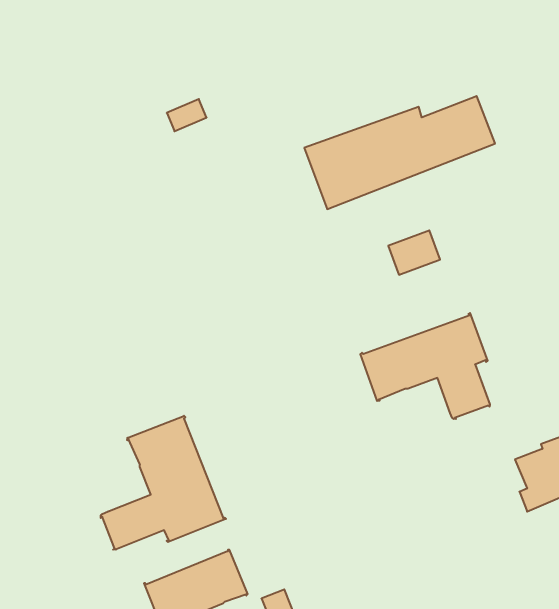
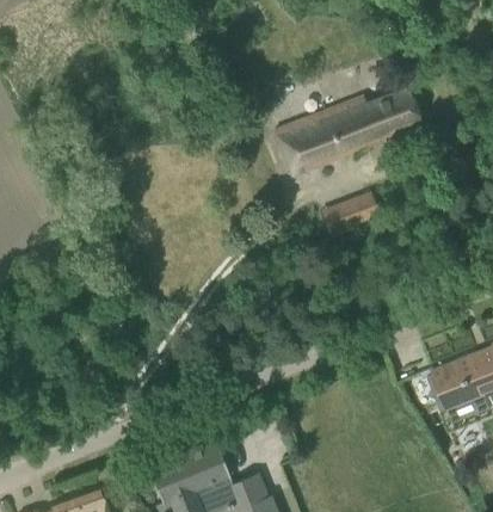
building: [360,313,490,419] -> none
building: [101,416,226,550] -> none

